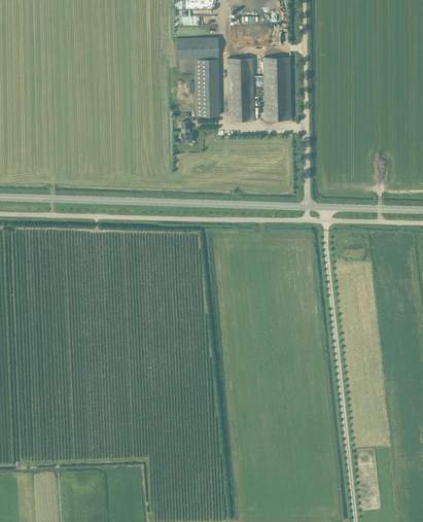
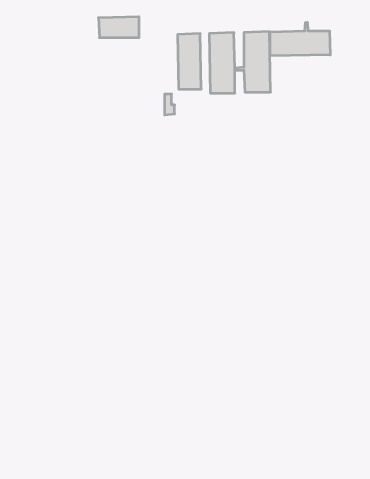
building: [176,36,218,58] -> [98,17,139,38]
building: none -> [270,22,330,56]

